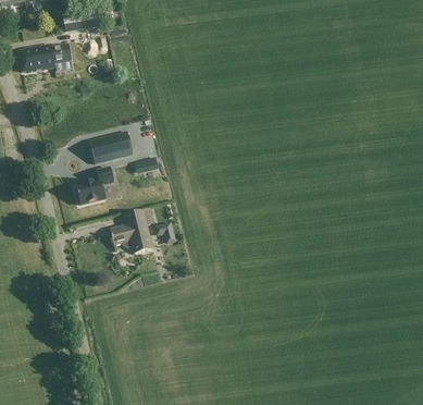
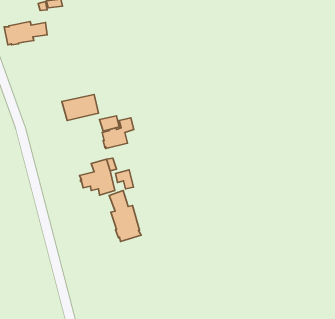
building: [75,168,113,205] -> [102,118,134,149]
building: none -> [109,190,141,241]

